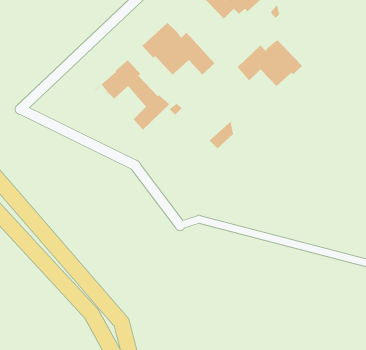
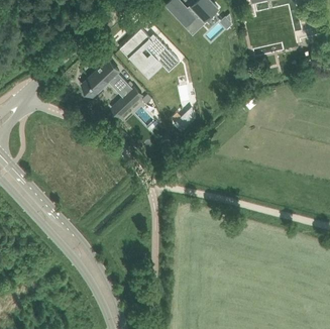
building: [237,39,303,87] -> none

